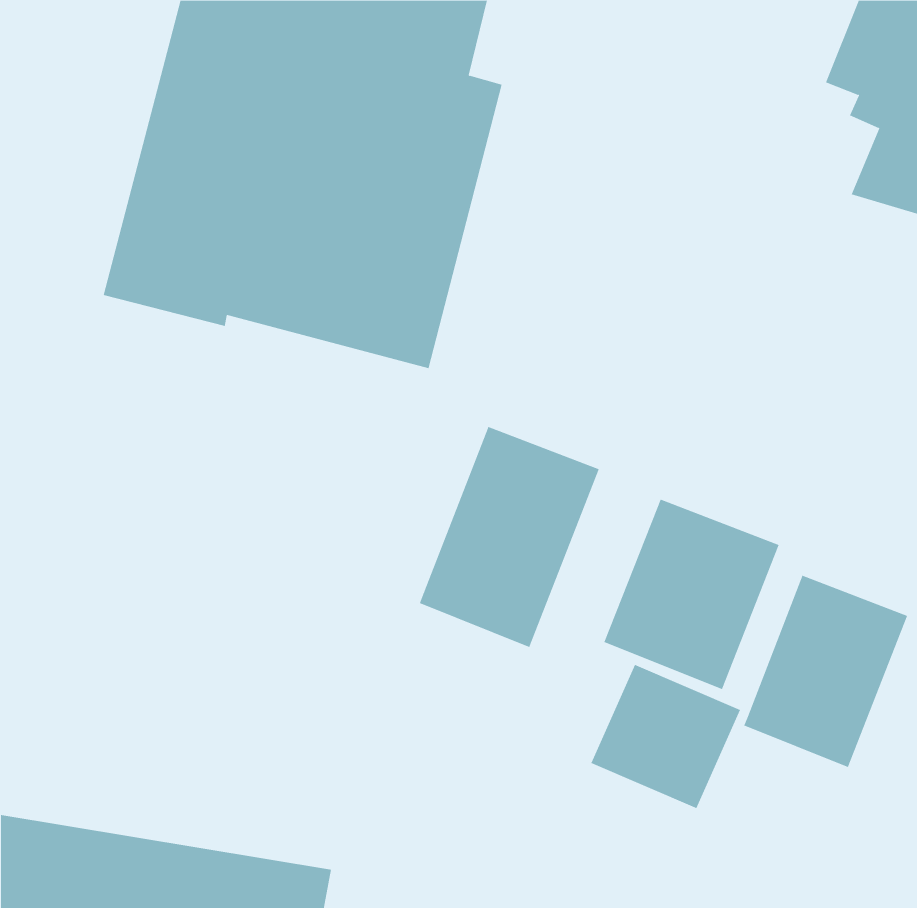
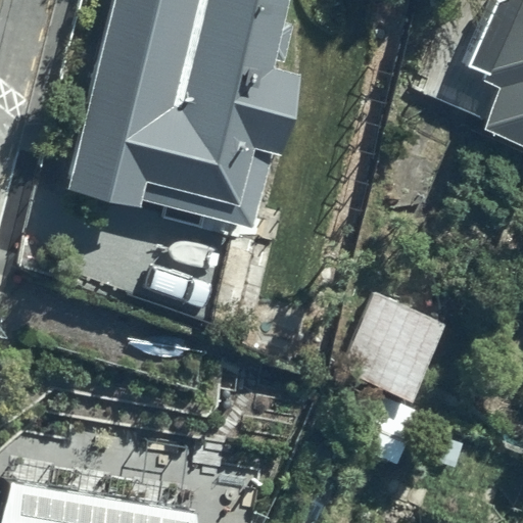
building: [419,426,600,648] -> none
building: [744,575,908,768] -> none

